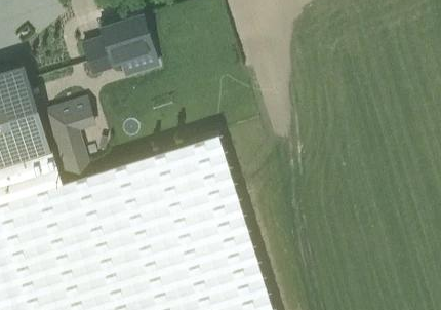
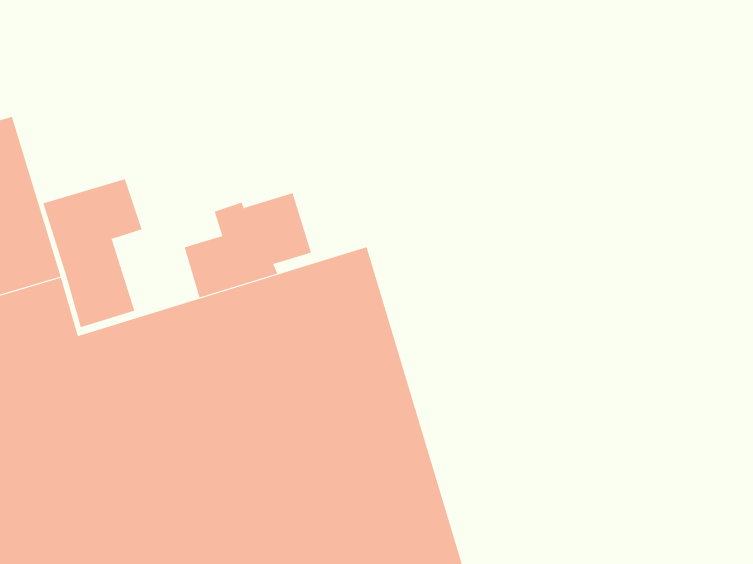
building: [83,16,153,74] -> [184,193,312,298]

